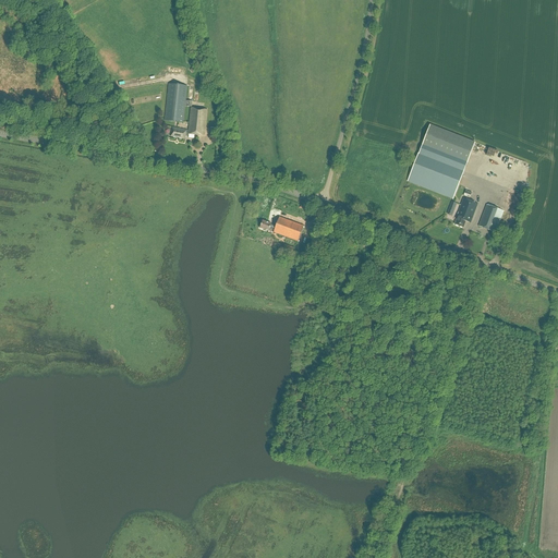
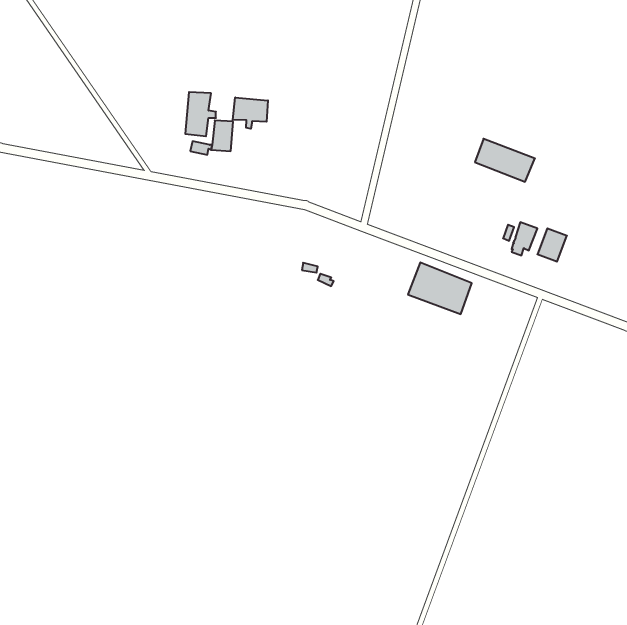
building: none -> [233,97,268,129]
building: [407,151,463,197] -> [408,262,472,314]
building: [260,216,304,240] -> none

